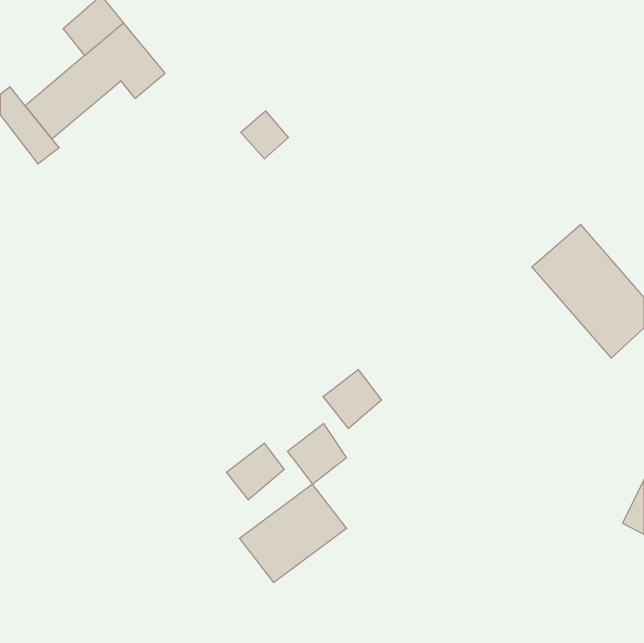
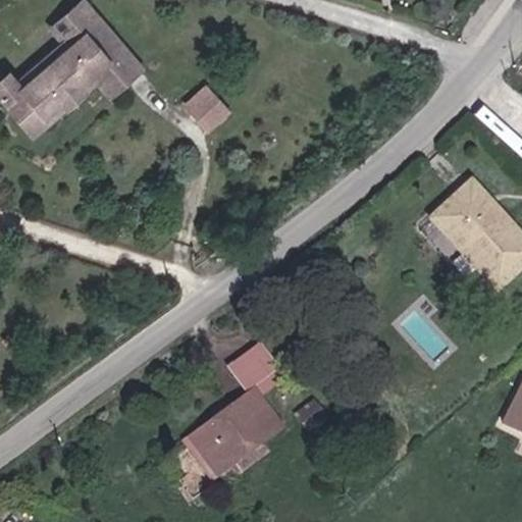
building: none -> [42,59,141,119]
building: [323,369,381,429] -> none
building: [227,443,284,500] -> none

